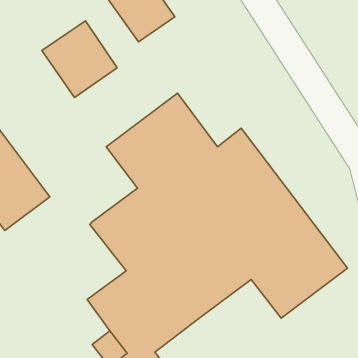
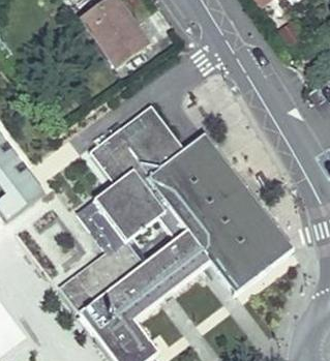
building: [42,21,117,97] -> none

